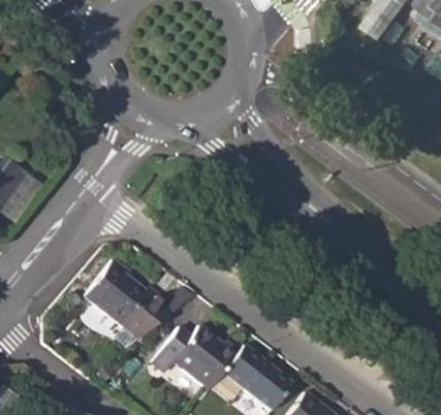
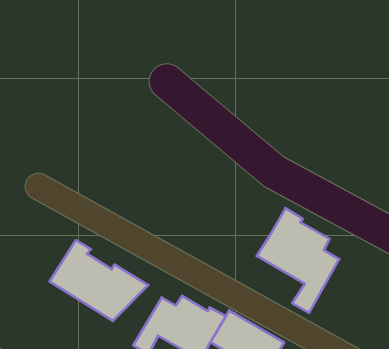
building: none -> [257,208,339,313]

